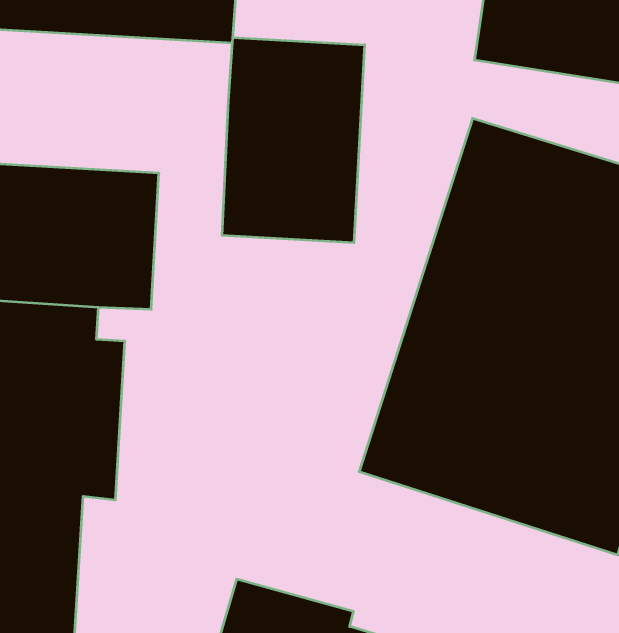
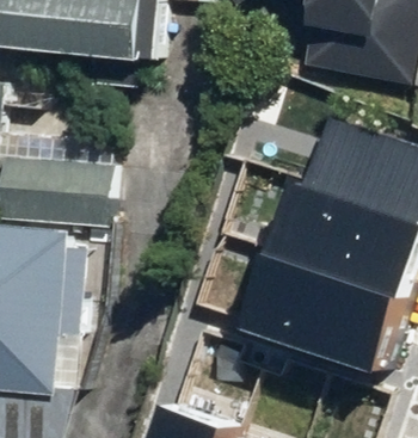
building: [222,37,365,243] -> none

